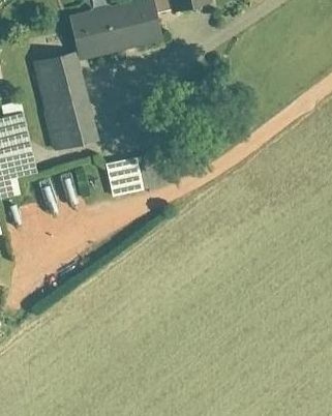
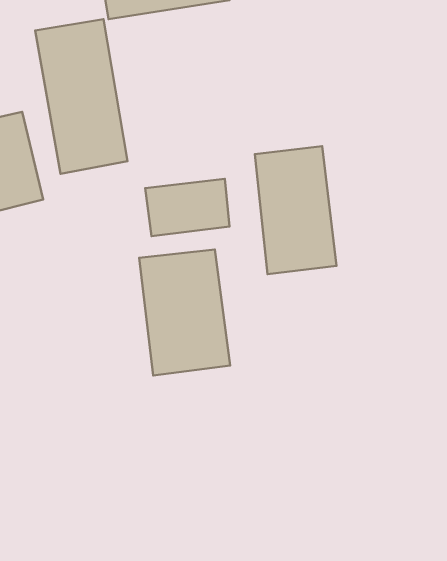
building: none -> [255,146,337,274]
building: none -> [139,249,230,375]

